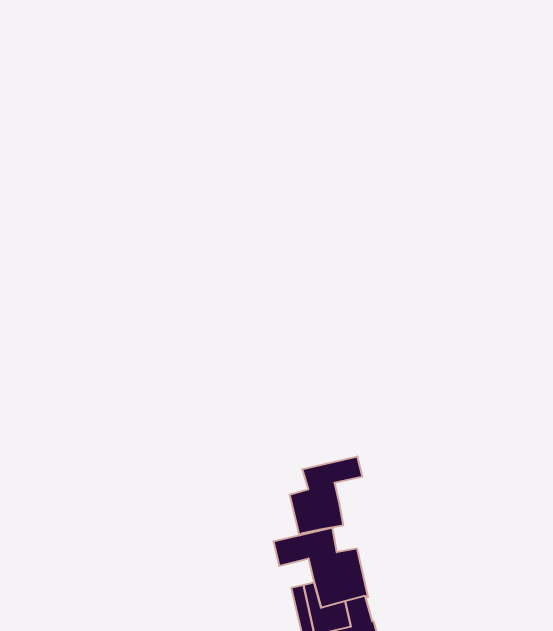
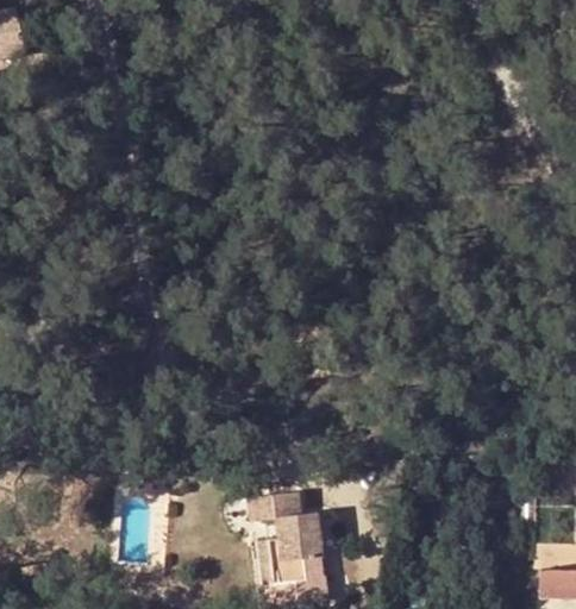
building: [290,456,362,536] -> none

